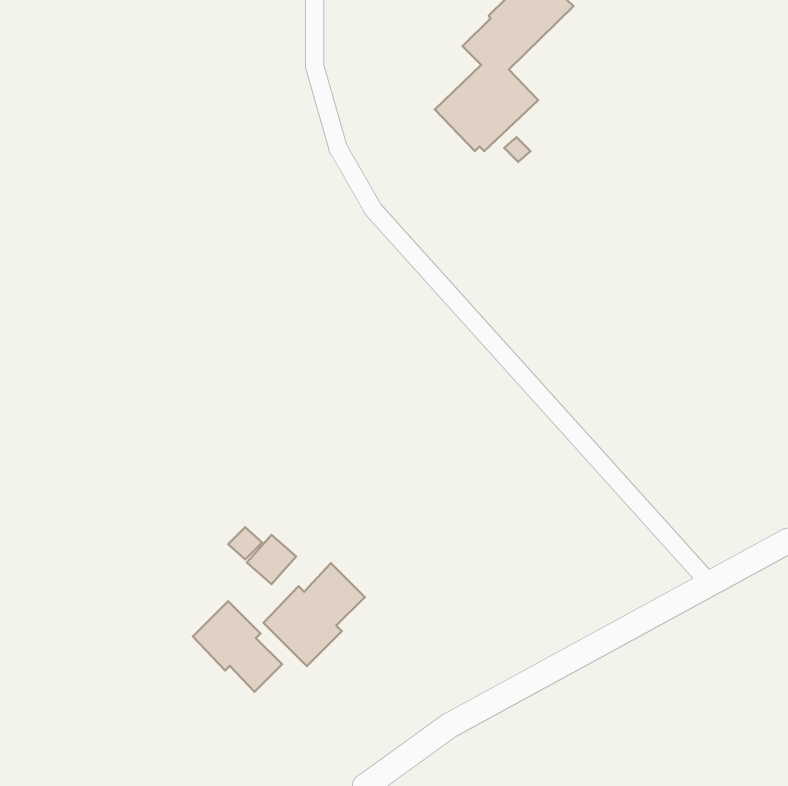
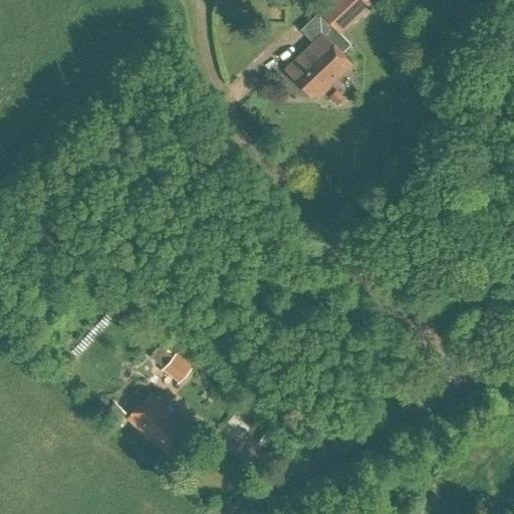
building: [263,563,365,666] -> none

